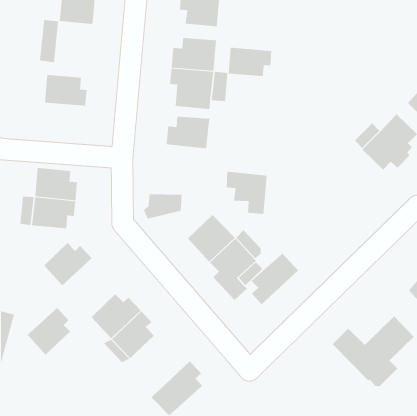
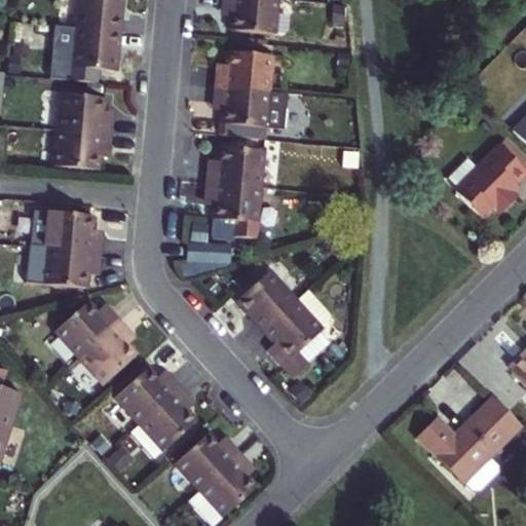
building: none -> [70,27,118,82]
building: [228,47,272,77] -> none
building: none -> [53,129,109,167]
building: [226,171,267,215] -> [209,182,261,236]
building: [251,253,299,305] -> none
building: [27,307,71,355] -> [79,325,135,385]
building: none -> [177,434,239,489]

